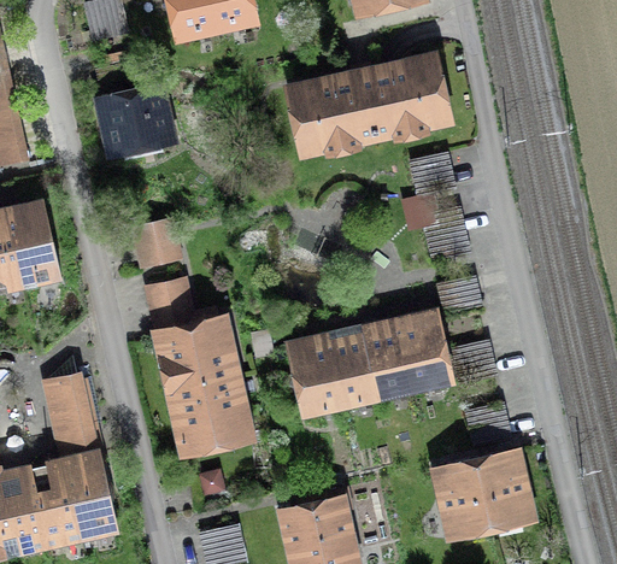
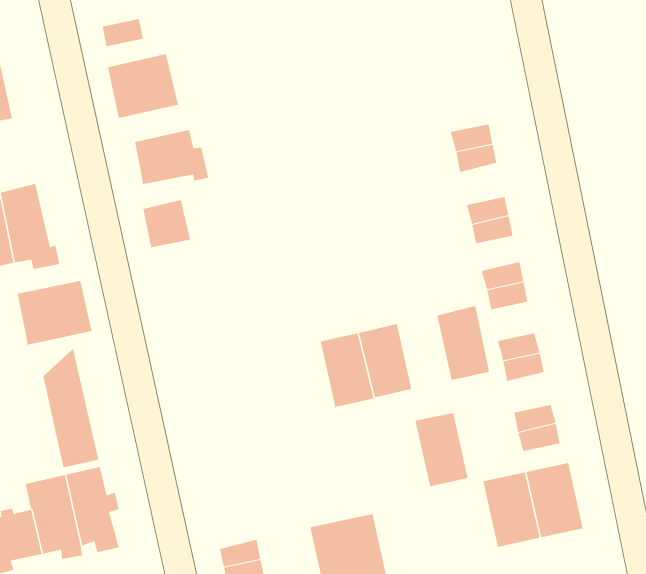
building: [293,57,445,147] -> none
building: none -> [134,129,209,185]
building: [148,278,192,322] -> none
building: none -> [17,280,92,345]
building: [160,319,246,441] -> none
building: [363,323,411,392] -> [415,412,469,489]

